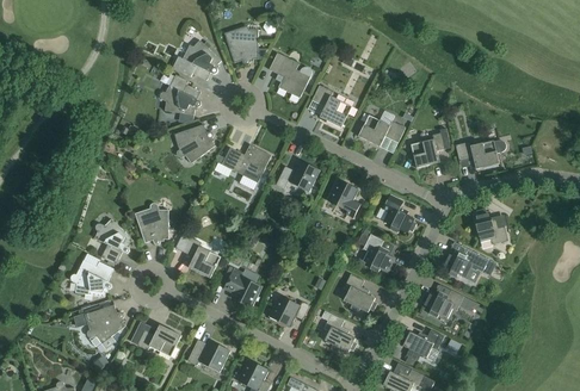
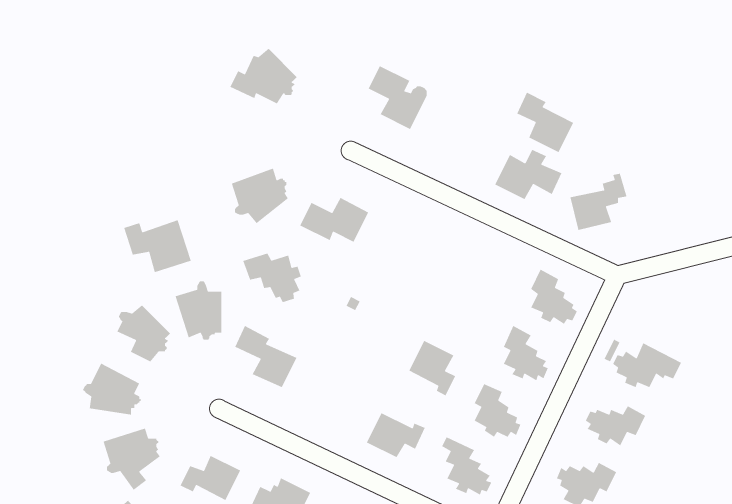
building: [223,25,257,63] -> none
building: [159,74,200,113] -> none
building: [310,83,351,126] -> [516,92,574,153]
building: [455,138,506,168] -> none
building: [274,159,319,191] -> none
building: none -> [123,219,192,273]
building: [326,178,359,217] -> [408,340,456,396]
building: none -> [242,252,302,303]
building: [473,207,507,243] -> none
building: [226,266,261,306] -> none

